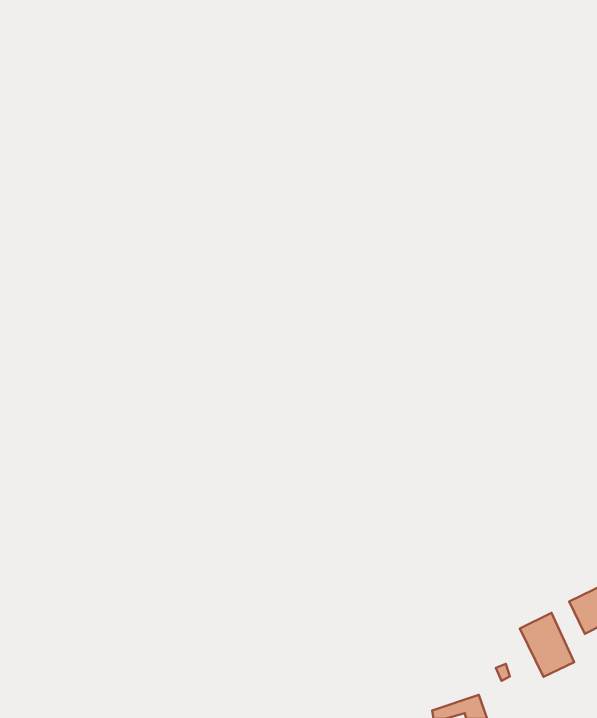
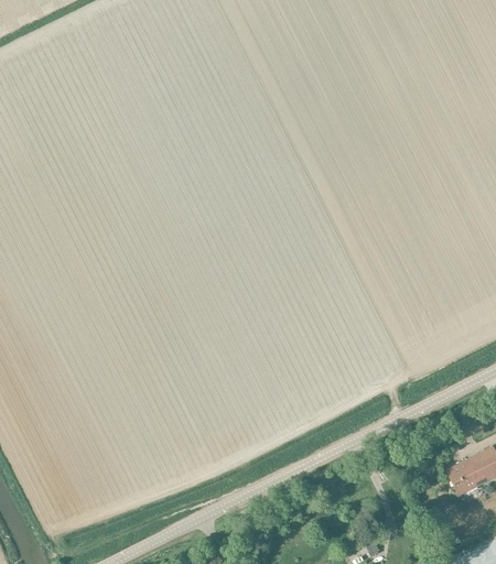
building: [520,613,574,677] -> none

